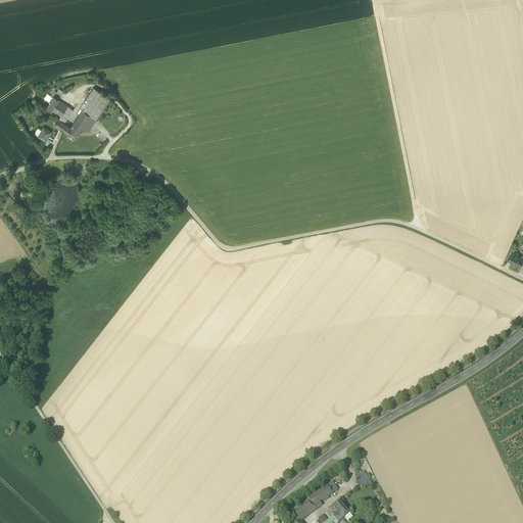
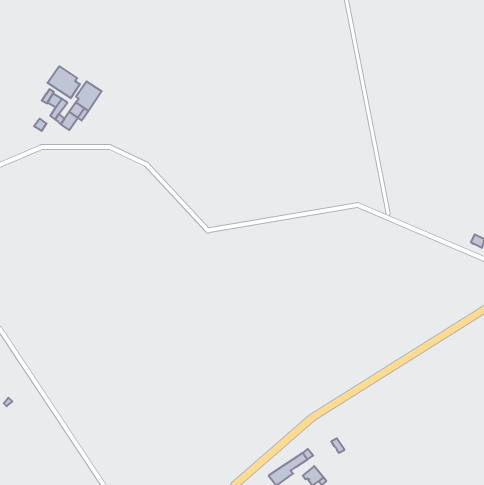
building: none -> [47,66,80,98]

